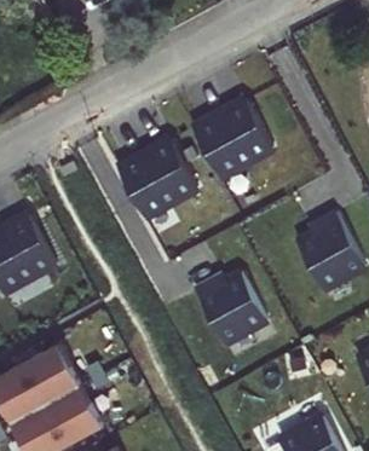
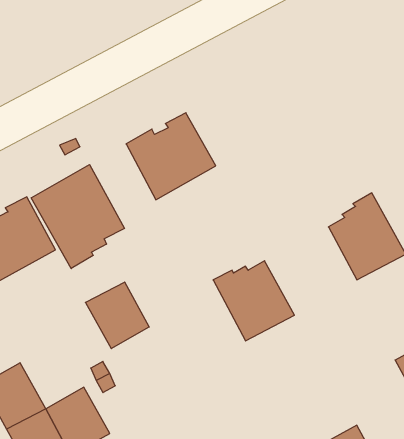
building: [191,99,272,177] -> none
building: none -> [31,165,124,269]
building: [22,343,79,403] -> [85,282,149,349]

